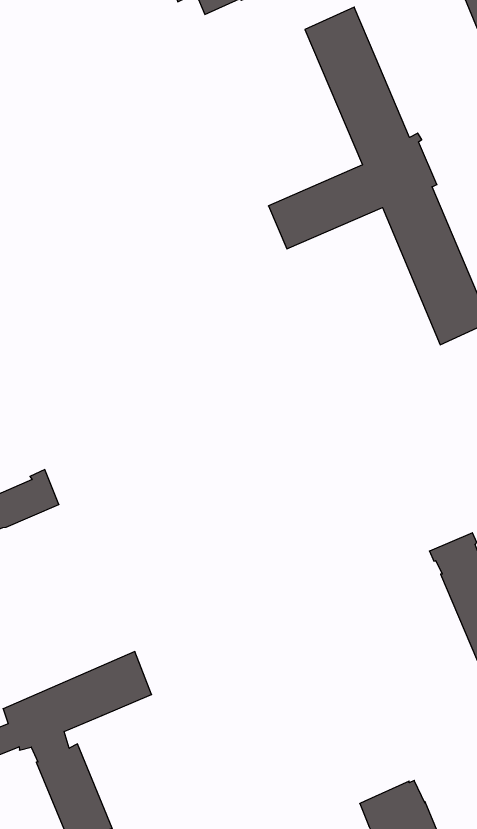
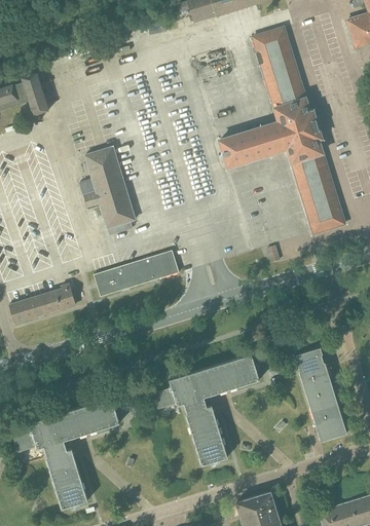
building: none -> [79,147,136,235]
building: none -> [94,251,179,297]
building: none -> [154,354,260,465]

